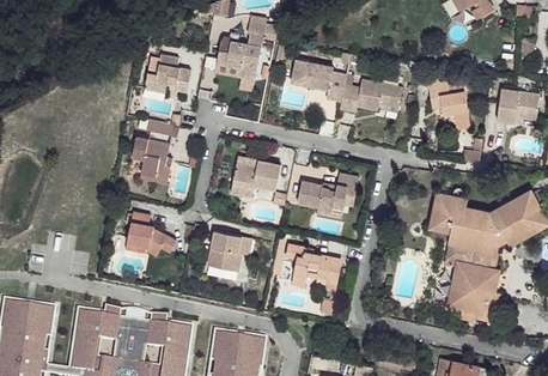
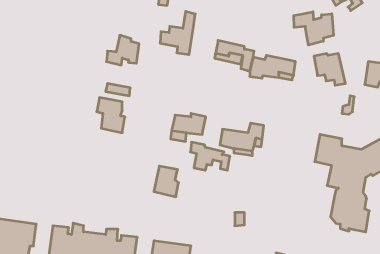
building: none -> [294,12,334,45]
building: [129,214,177,257] -> none
building: [293,245,347,284] -> [190,142,230,170]

